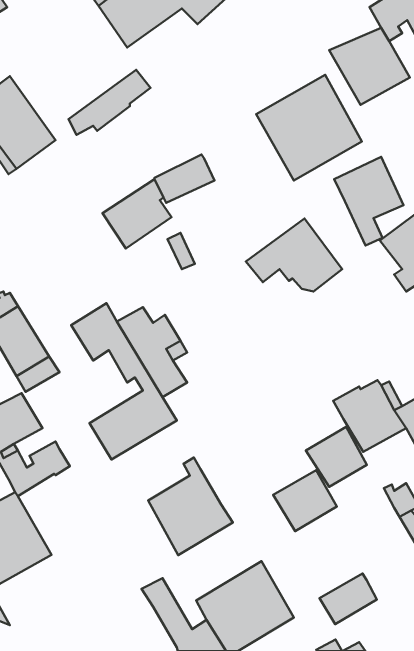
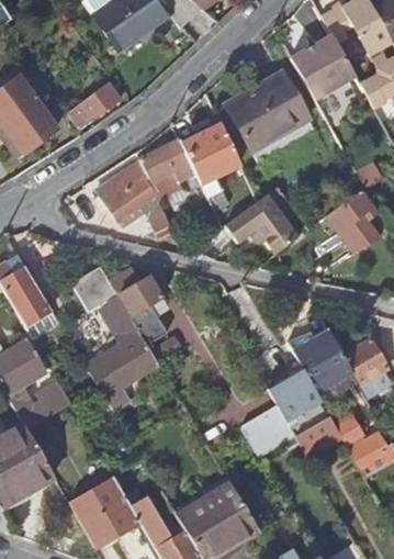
building: [334,157,403,246] -> [182,124,240,199]
building: [148,457,233,555] -> [68,466,139,548]
building: [320,573,377,624] -> [294,415,342,458]

